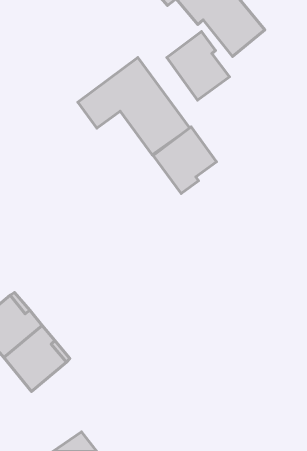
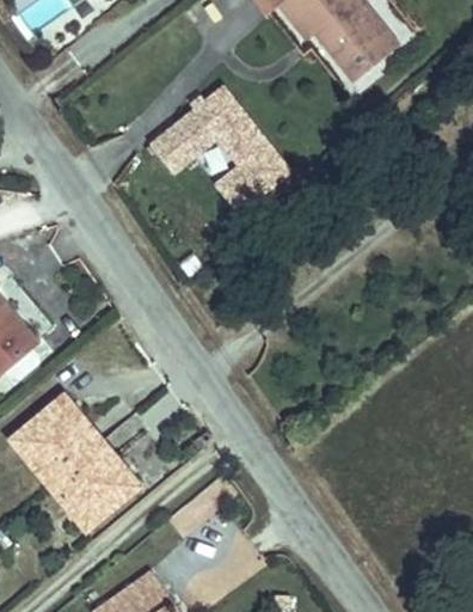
building: [167,32,229,100] -> none
building: [153,127,217,194] -> none

